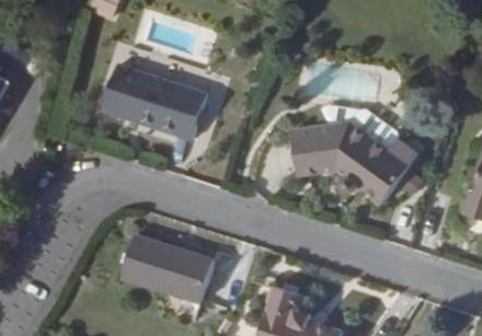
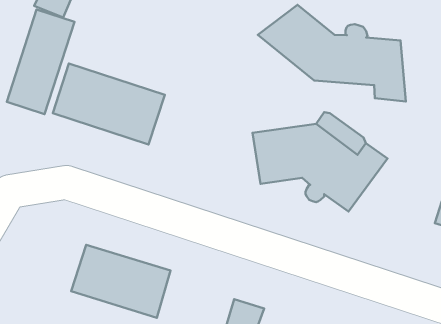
building: none -> [258,5,406,102]
building: none -> [7,10,74,114]

